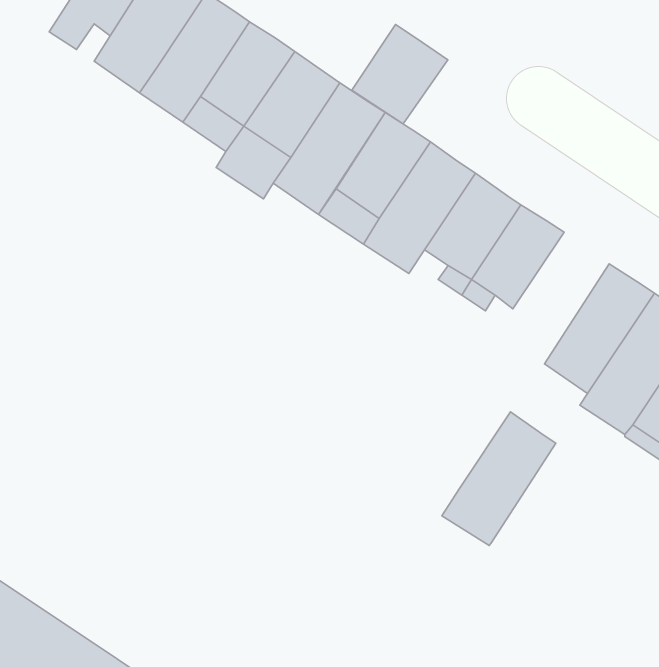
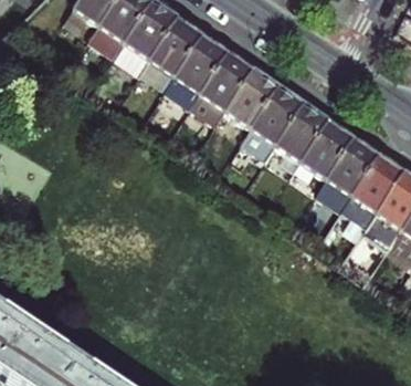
building: [352,24,448,124] -> none
building: [442,412,556,545] -> [318,134,382,209]

